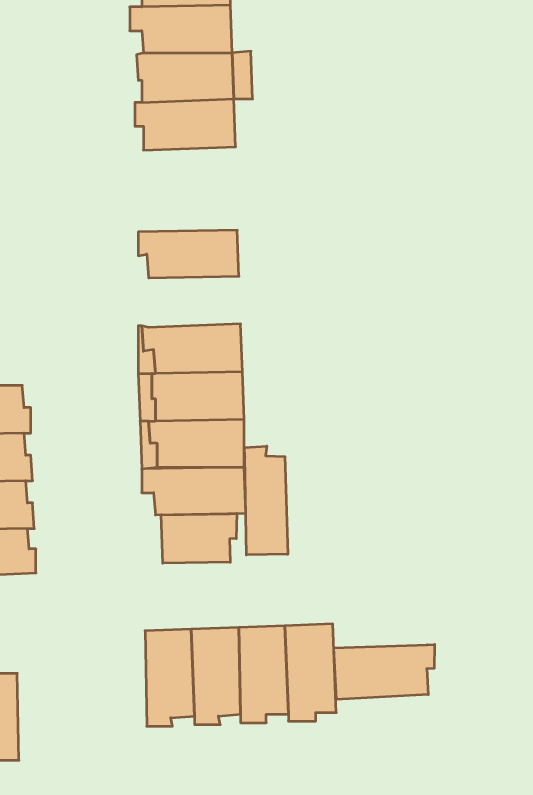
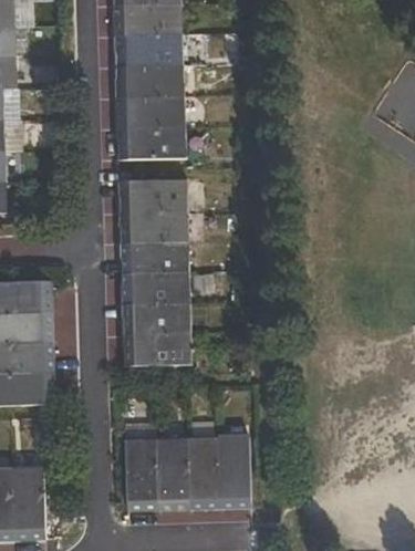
building: none -> [118,126,185,158]
building: none -> [122,210,187,243]
building: [245,446,288,555] -> none
building: [161,513,237,563] -> none
building: [334,644,435,700] -> none

